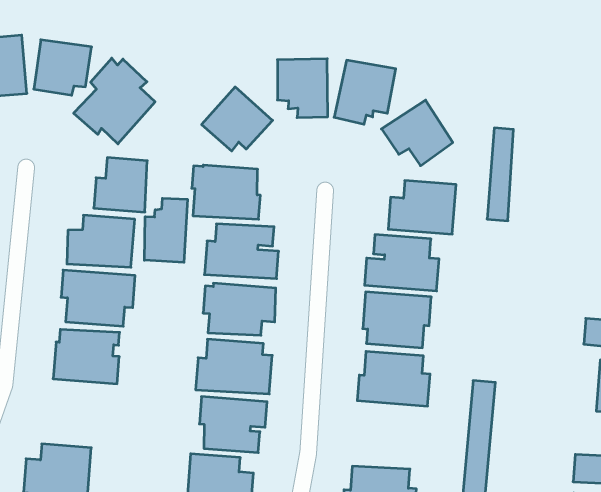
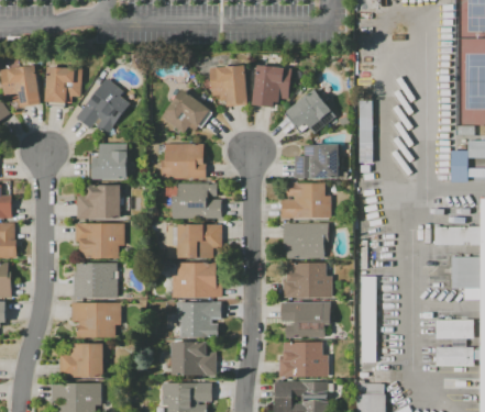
building: [144,198,187,262] -> none
building: none -> [71,302,121,337]
building: none -> [280,301,330,336]

